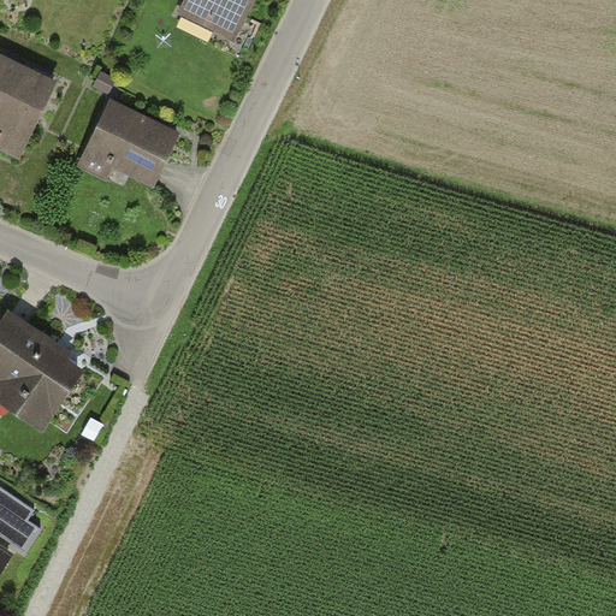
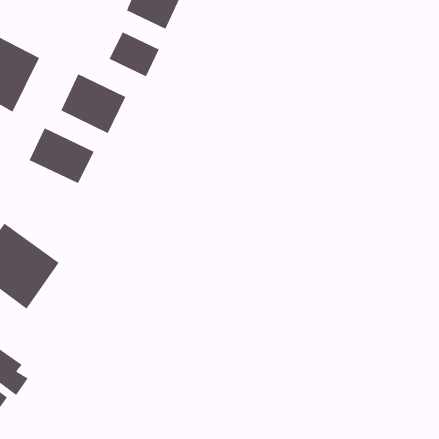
building: none -> [109,32,159,77]
building: none -> [29,128,95,184]

